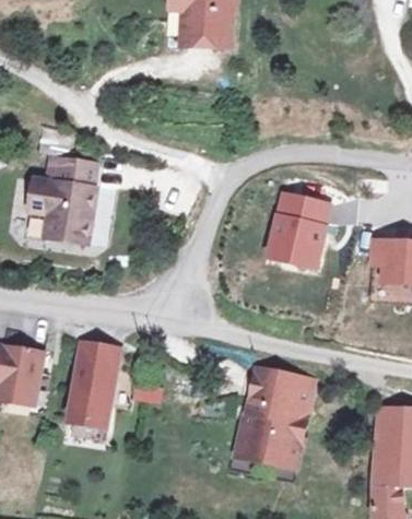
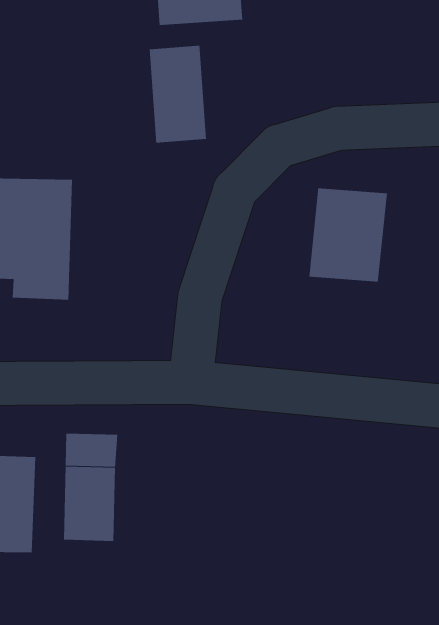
building: none -> [149,45,207,143]
building: [236,366,317,479] -> none

